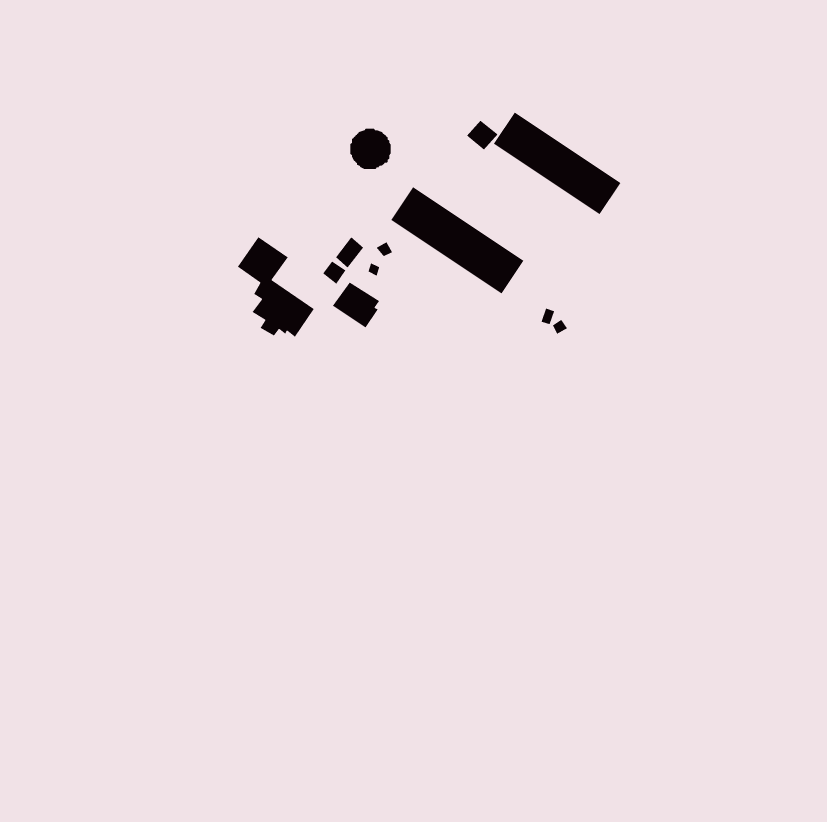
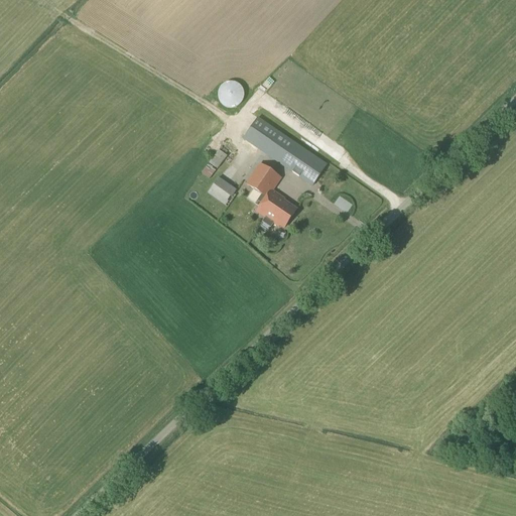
building: [493,111,622,215] -> none
building: [237,236,315,338] -> [247,162,295,226]

